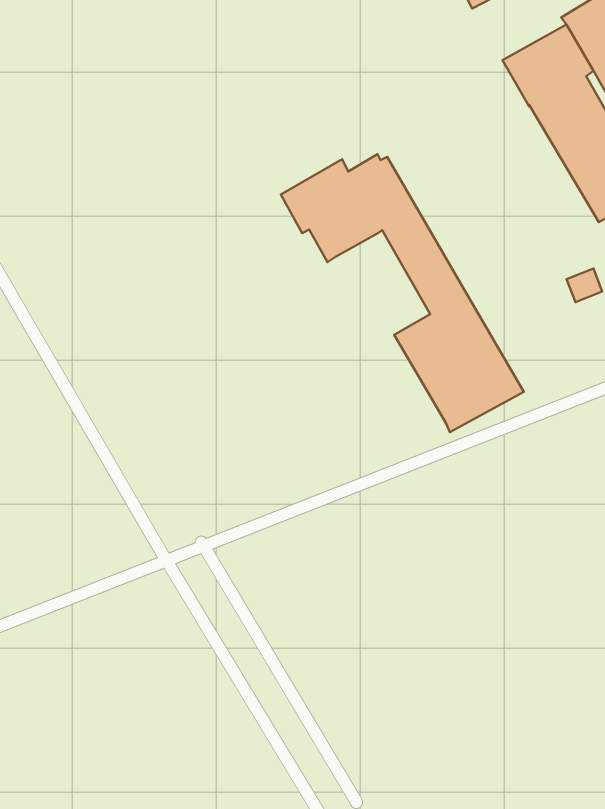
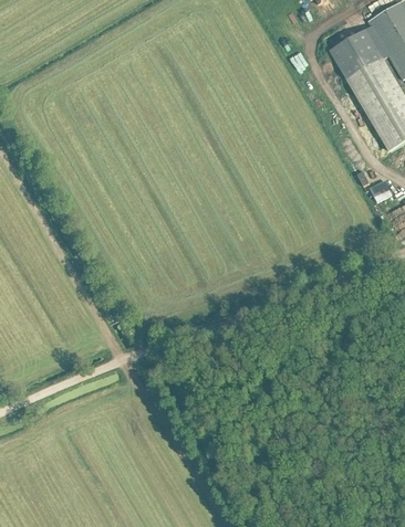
building: [281,154,524,432] -> none

